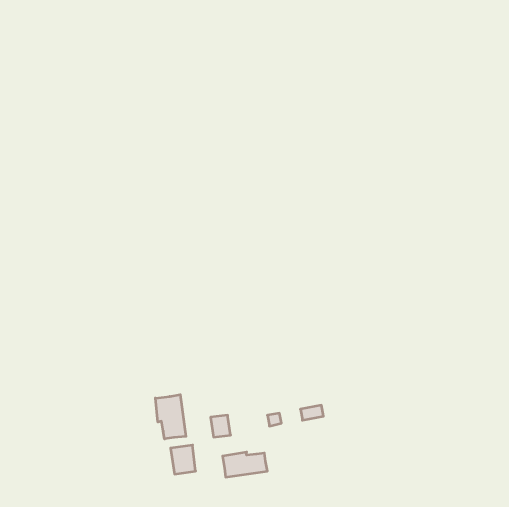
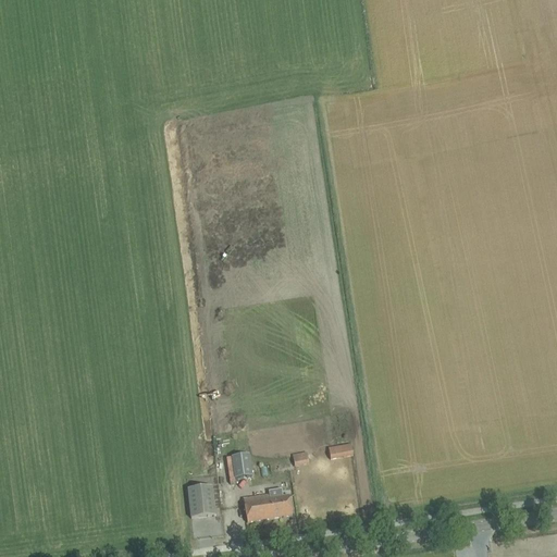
building: [155,395,186,439] -> none

